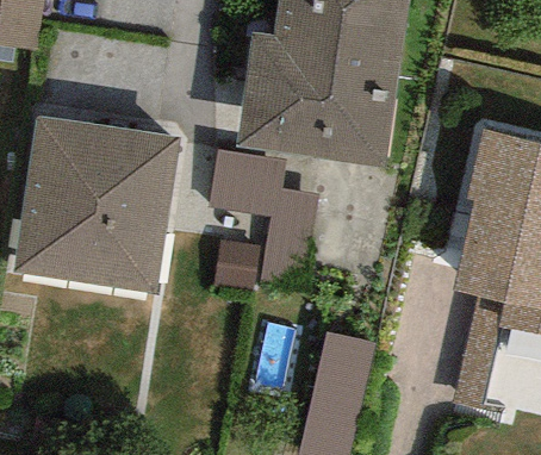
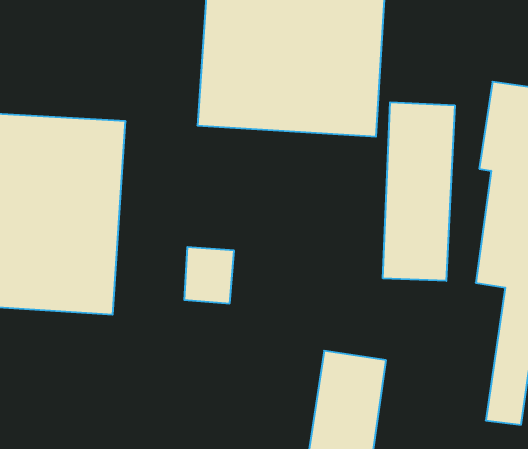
building: none -> [383,102,455,281]
building: [211,154,316,287] -> none

